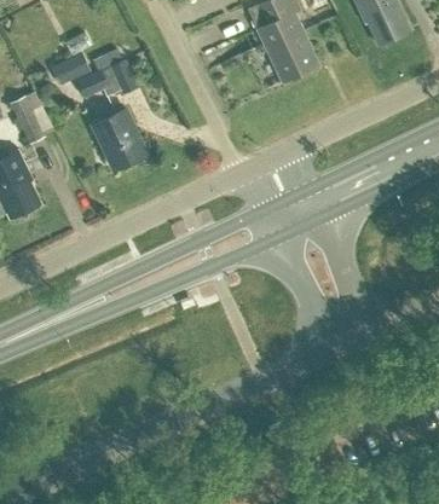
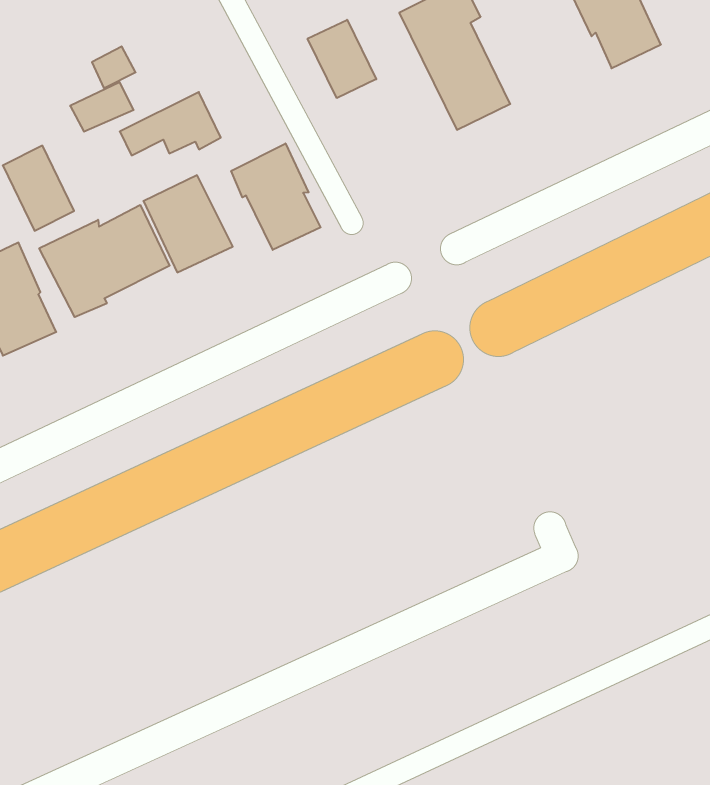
building: none -> [308,20,376,98]
building: none -> [231,143,321,250]
building: none -> [39,205,170,317]

